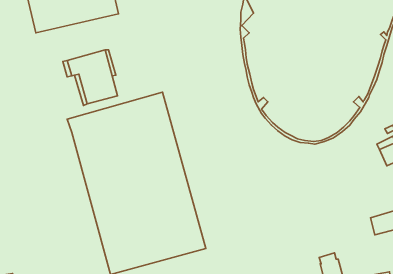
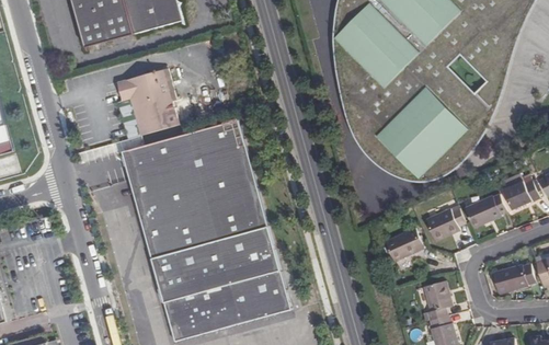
building: none -> [464,193,506,227]
building: none -> [425,204,465,240]
building: none -> [385,227,422,260]
building: none -> [423,279,451,320]

